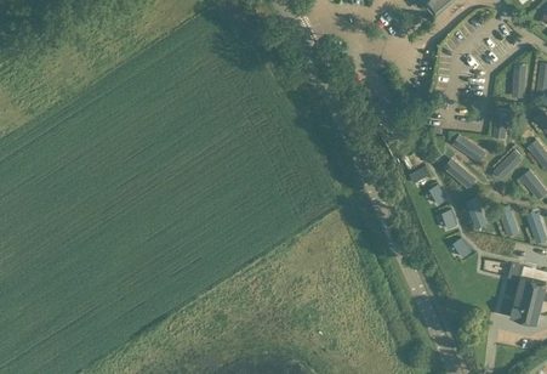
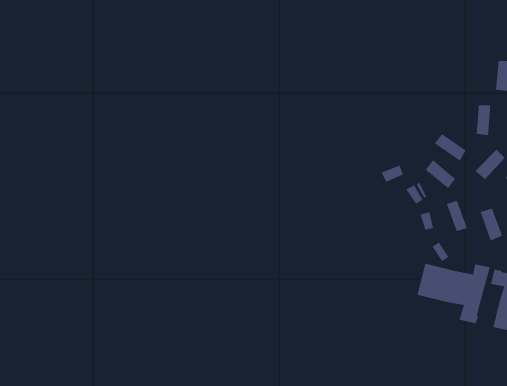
building: none -> [417,263,491,324]

